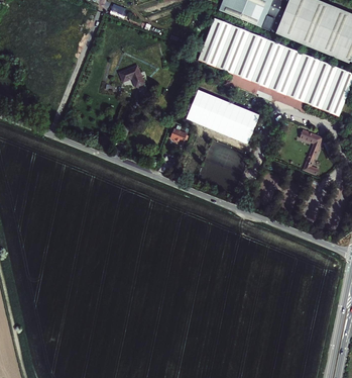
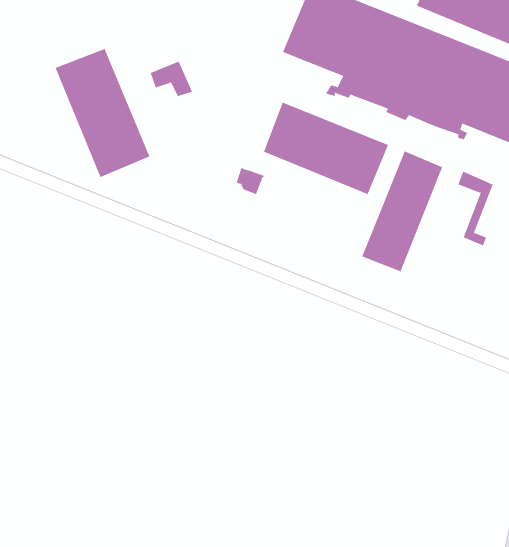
building: none -> [55,48,150,178]
building: none -> [362,150,443,272]

